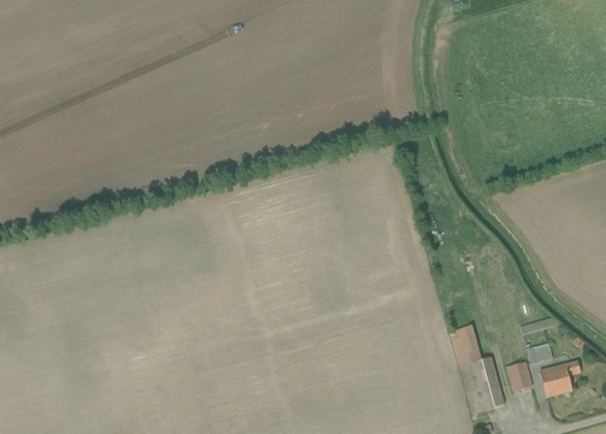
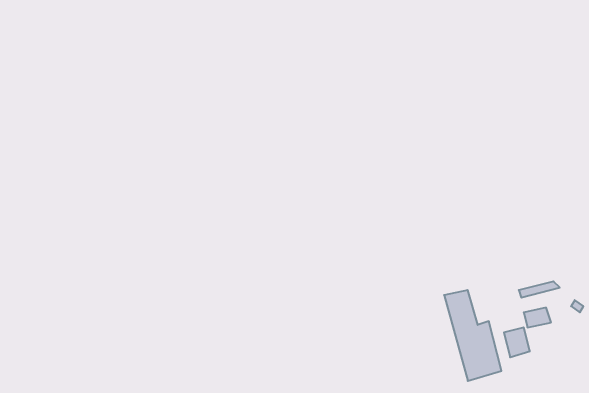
building: [541,360,582,397] -> none

